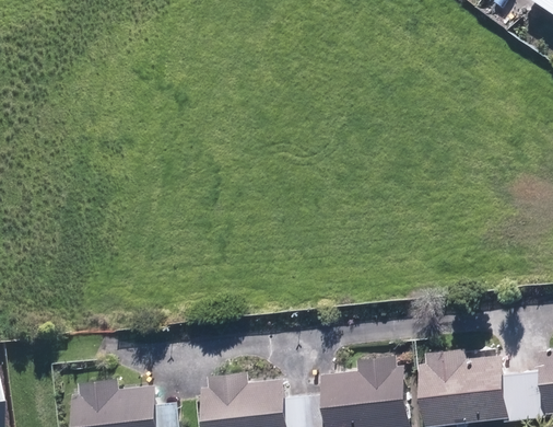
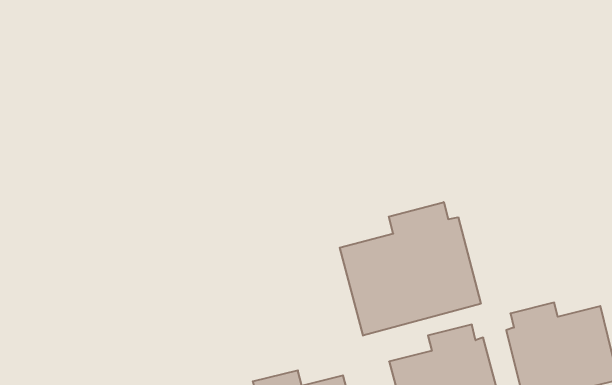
building: none -> [340,202,481,336]

